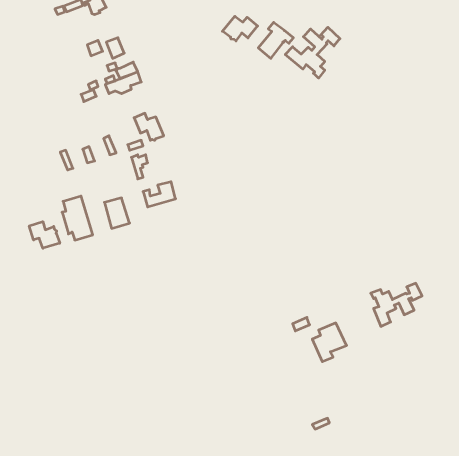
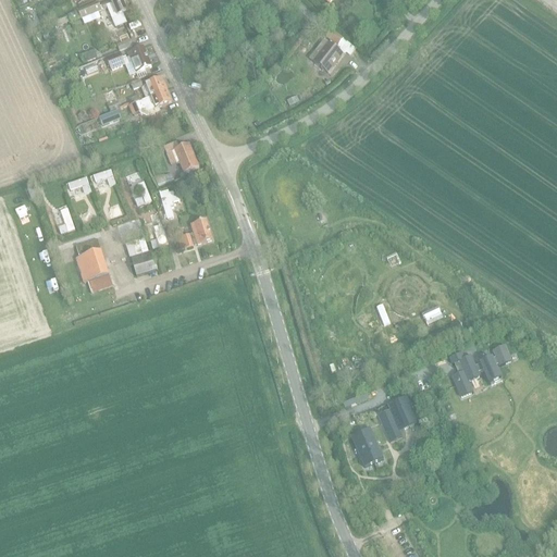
building: [222,16,258,41] -> none
building: [285,27,340,78] -> none
building: [29,222,60,248] -> none
building: none -> [349,425,382,465]

